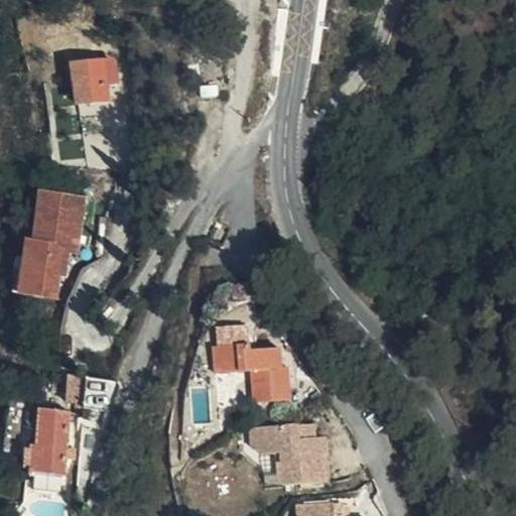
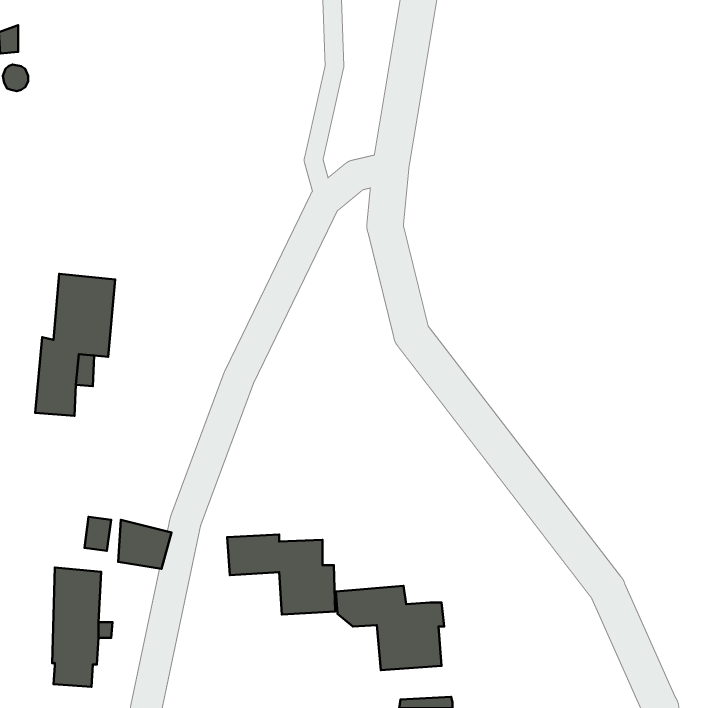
building: [66,64,102,106] -> none
building: [205,341,282,398] -> [227,534,335,614]

